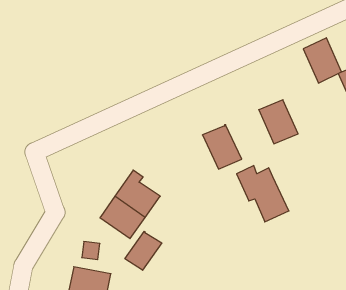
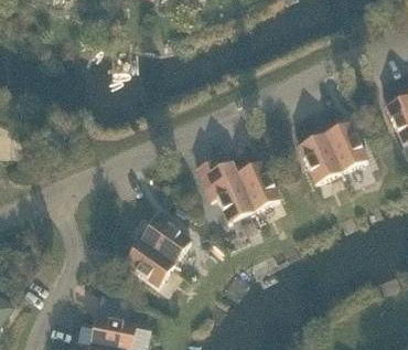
building: [303,38,342,83] -> [325,119,367,169]
building: [237,166,289,222] -> [197,158,255,220]
building: [125,231,162,270] -> none

